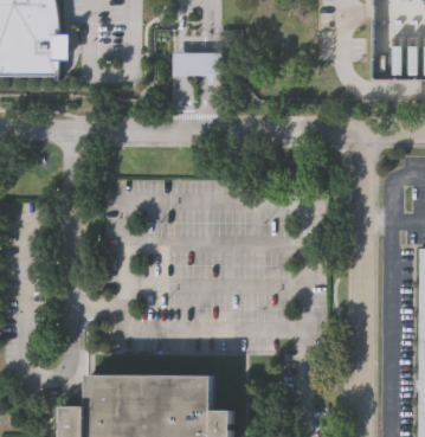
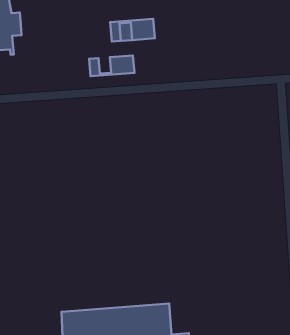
building: none -> [89,55,134,76]

